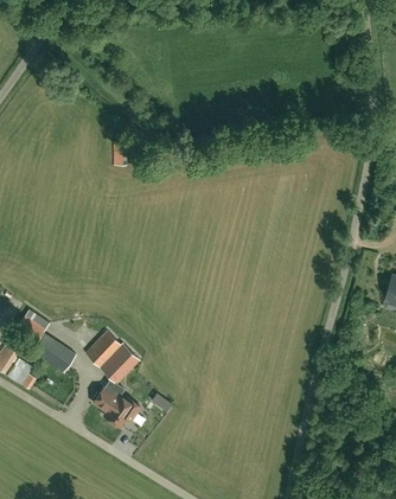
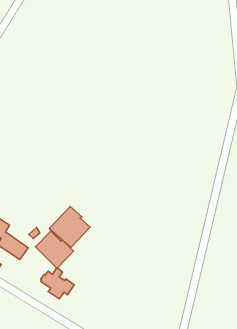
building: none -> [50,206,90,248]

